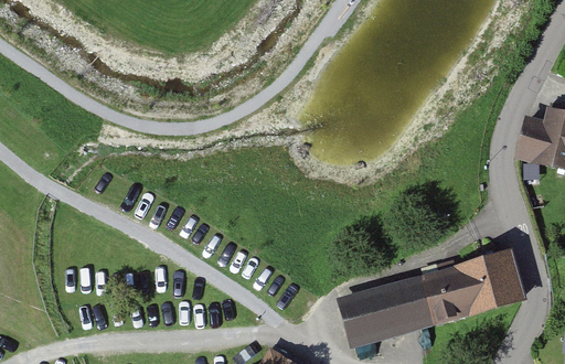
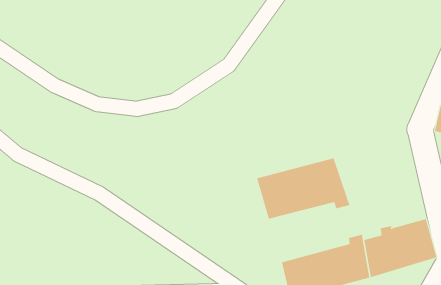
building: none -> [257,157,350,220]

